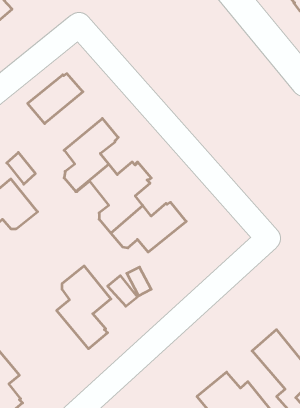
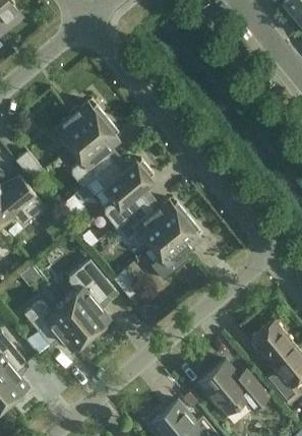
building: [28,74,83,124] -> [54,101,107,148]
building: none -> [150,216,202,281]
building: none -> [23,302,94,354]

